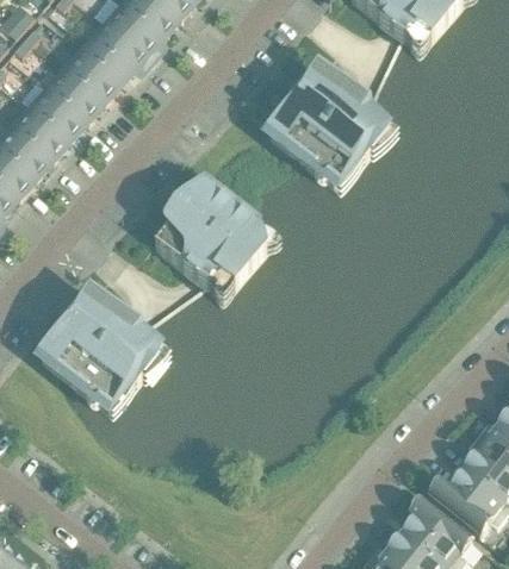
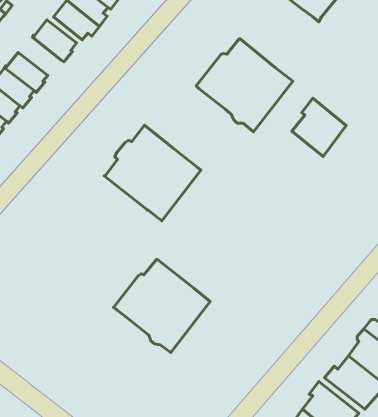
building: [46,68,100,118] -> none
building: none -> [292,98,346,156]
building: [41,293,161,408] -> [113,260,210,352]

